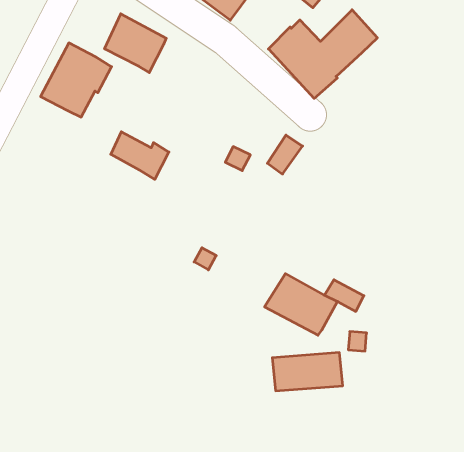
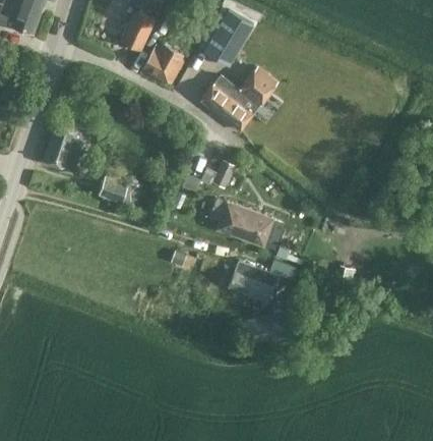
building: [105,14,166,73] -> none
building: none -> [216,202,272,245]

